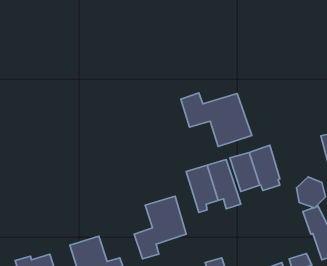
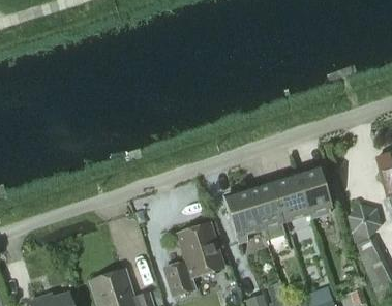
building: [181,93,252,147] -> none

